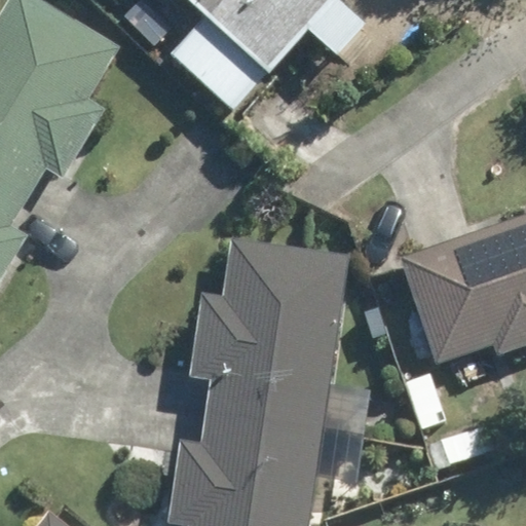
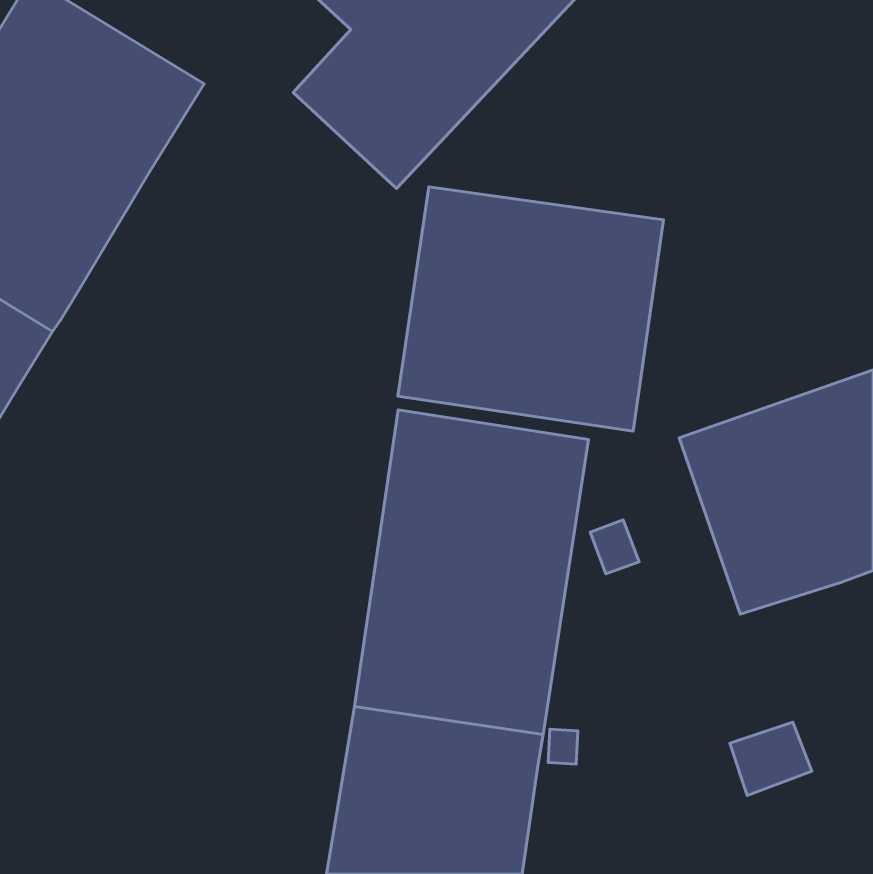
building: none -> [398,187,664,431]

